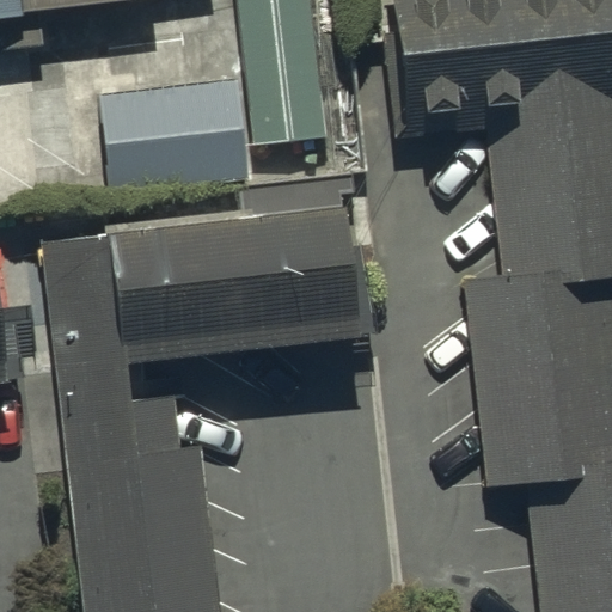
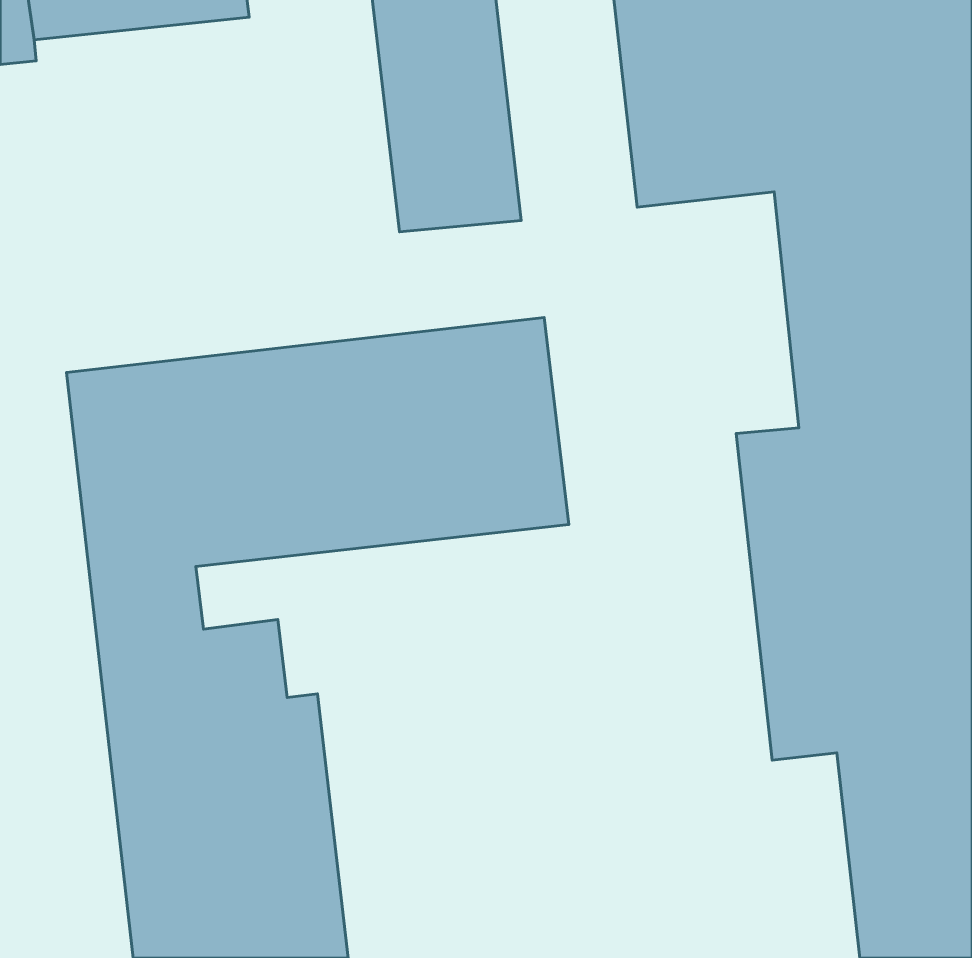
building: [99,82,250,202] -> none

